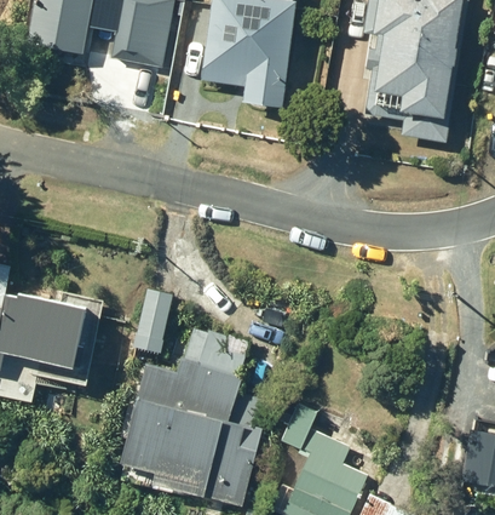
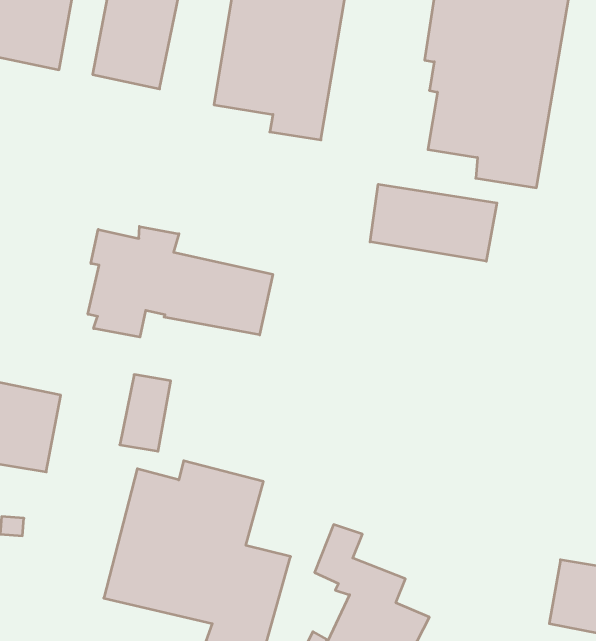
building: none -> [370,184,497,261]
building: none -> [88,226,273,337]

